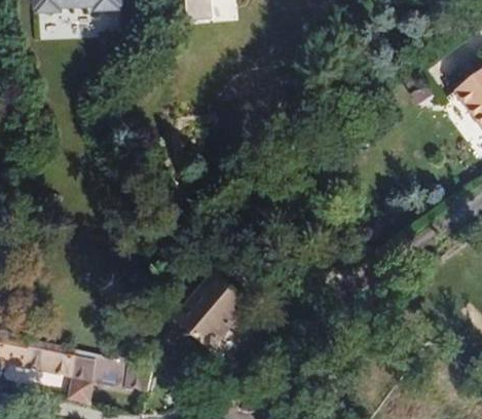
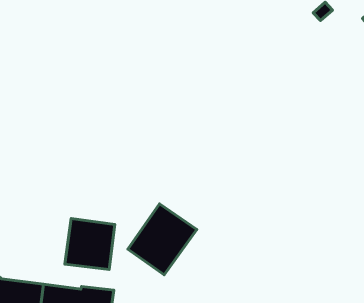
building: none -> [65,219,115,270]

